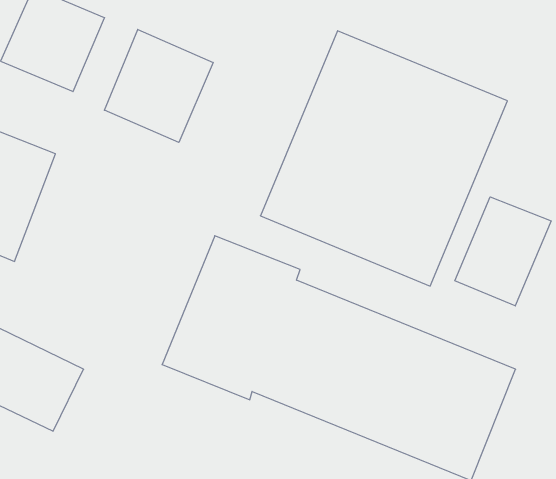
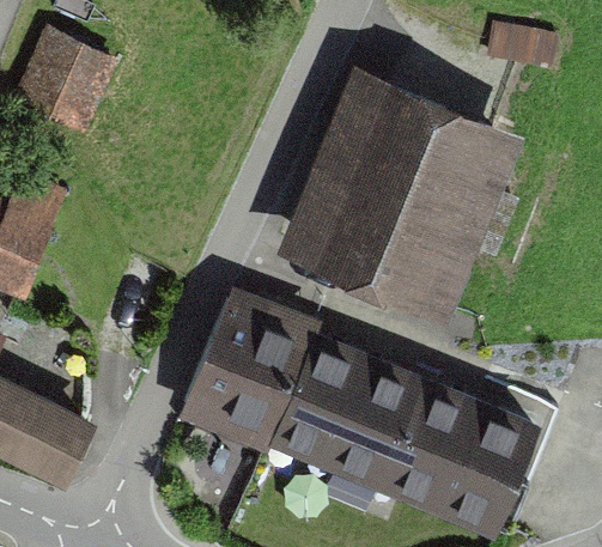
building: [104,29,213,142] -> none
building: [455,197,551,306] -> none

